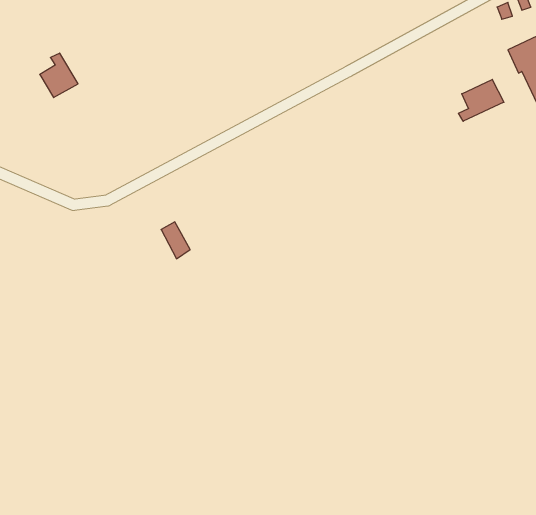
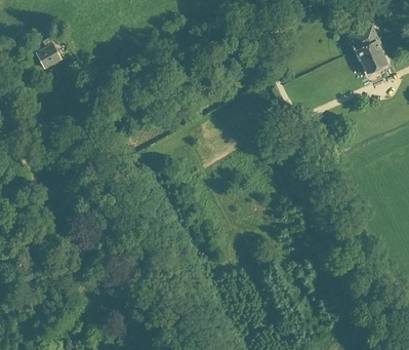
building: [458,79,504,121] -> none

